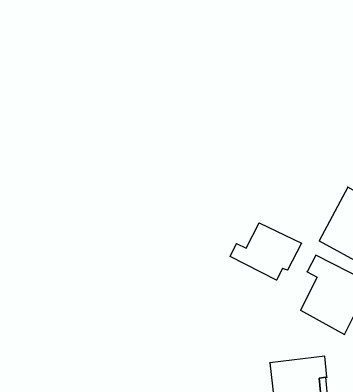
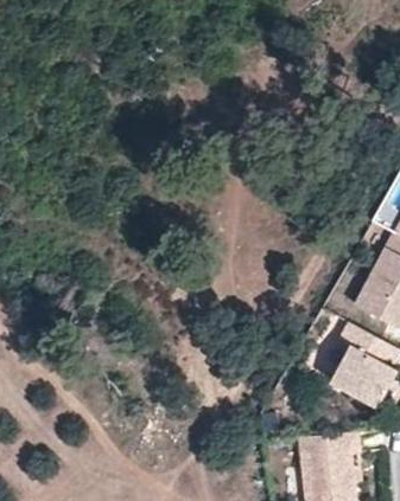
building: [230,223,302,280] -> none

